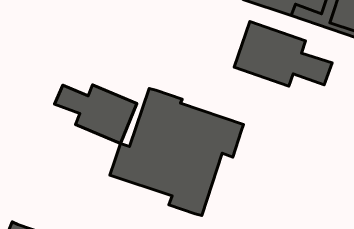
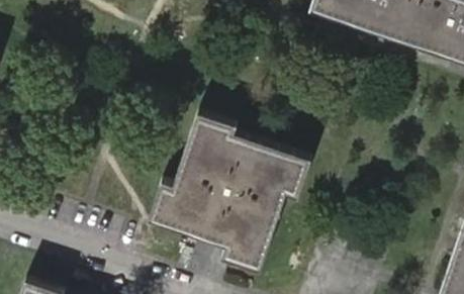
building: [234,21,332,86] -> none
building: [55,85,137,143] -> none

